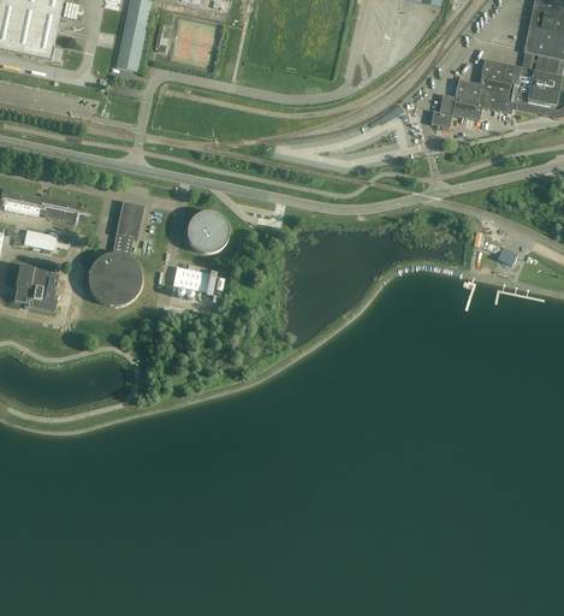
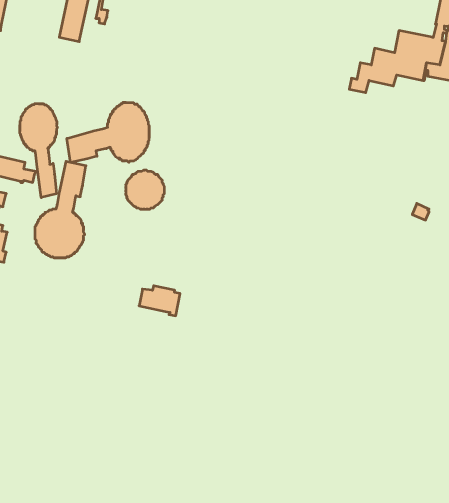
building: none -> [67,102,149,162]
building: none -> [20,104,57,198]
building: [173,262,218,295] -> [139,286,180,316]

